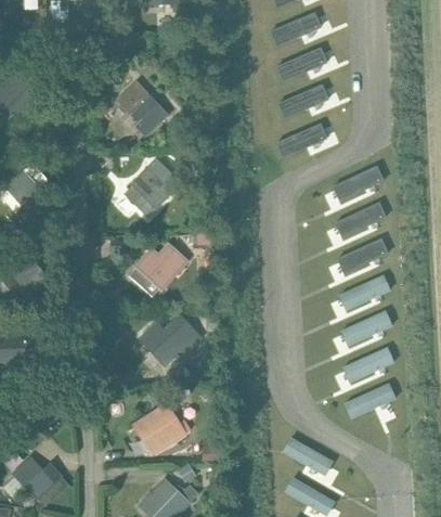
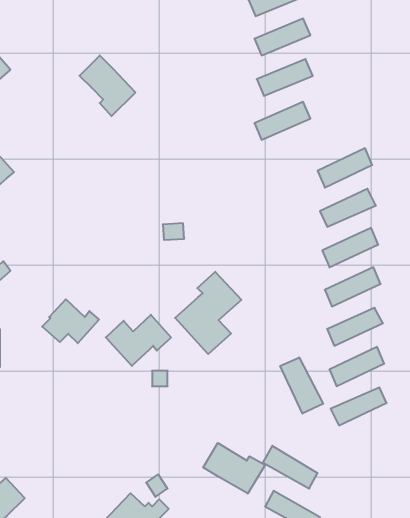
building: [122,157,179,218] -> none
building: [129,249,181,289] -> [42,299,99,343]
building: none -> [175,272,241,354]
building: none -> [280,357,323,414]
building: [131,404,183,455] -> none
building: none -> [203,443,265,494]

